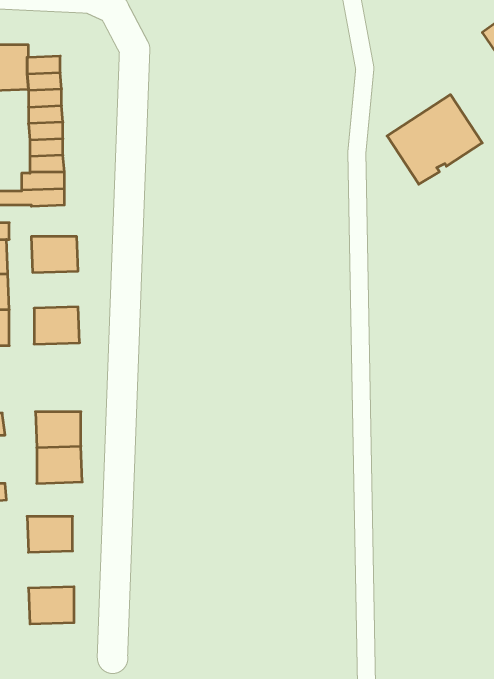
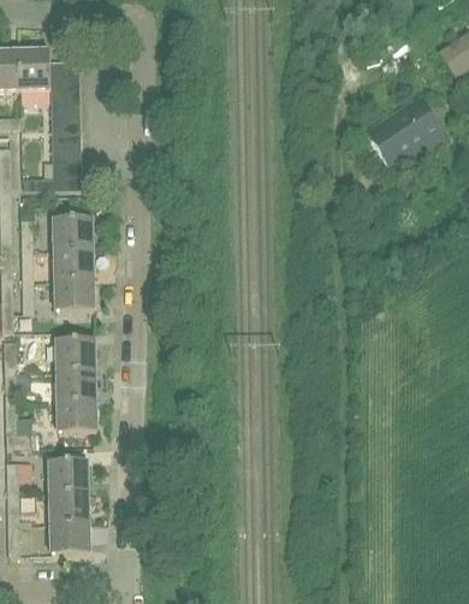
building: none -> [52,245,91,278]
building: none -> [54,337,94,368]
building: none -> [48,490,88,522]

